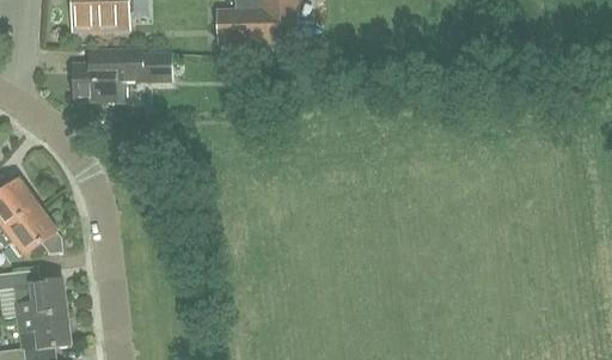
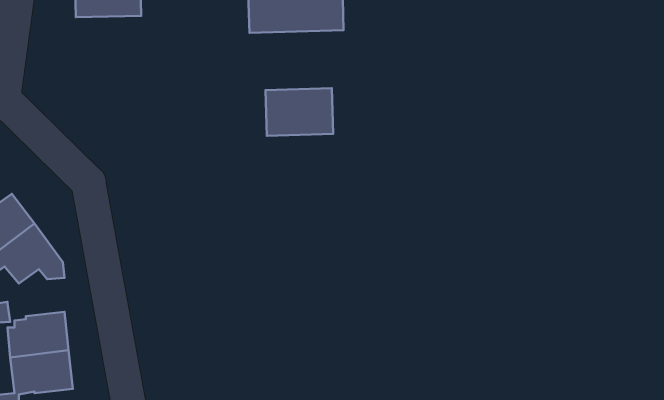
building: [72,48,171,102] -> none
building: none -> [265,88,333,136]

